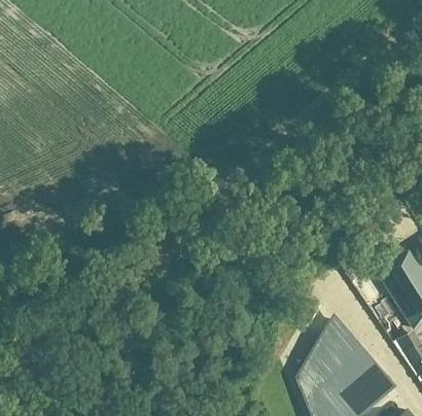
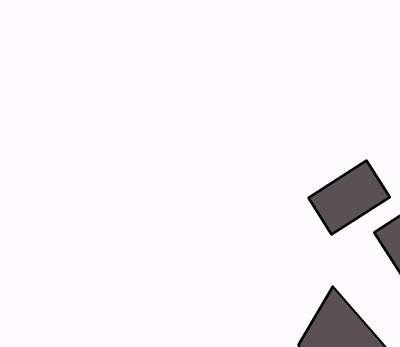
building: none -> [308,160,390,234]

